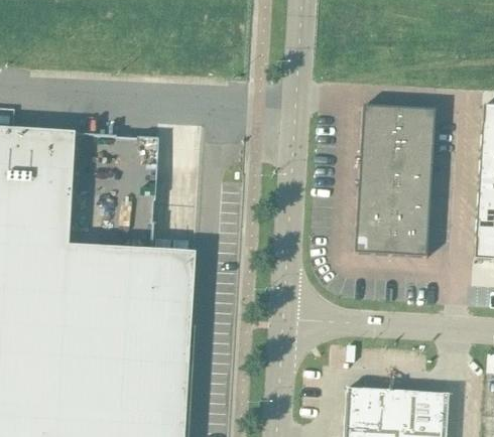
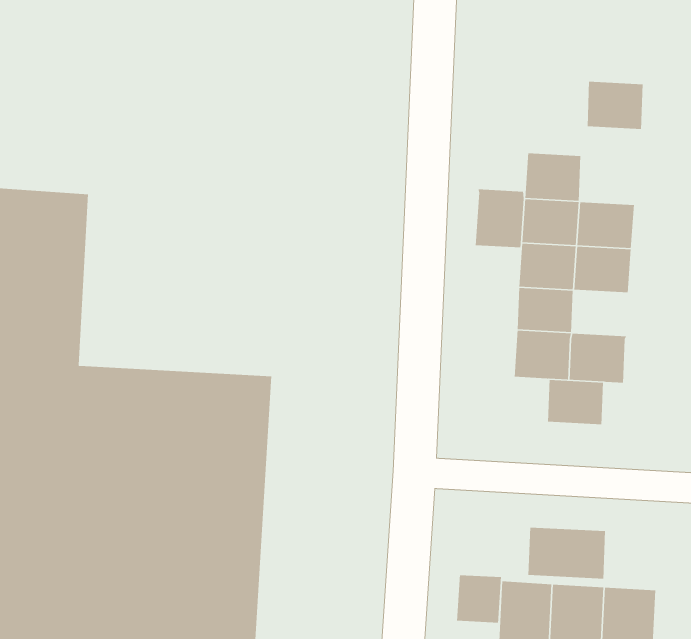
building: [398,107,436,139] -> [587,81,643,130]
building: none -> [475,189,525,248]
building: [393,195,430,226] -> [547,379,604,425]
building: none -> [528,527,606,579]
building: none -> [456,574,502,623]

